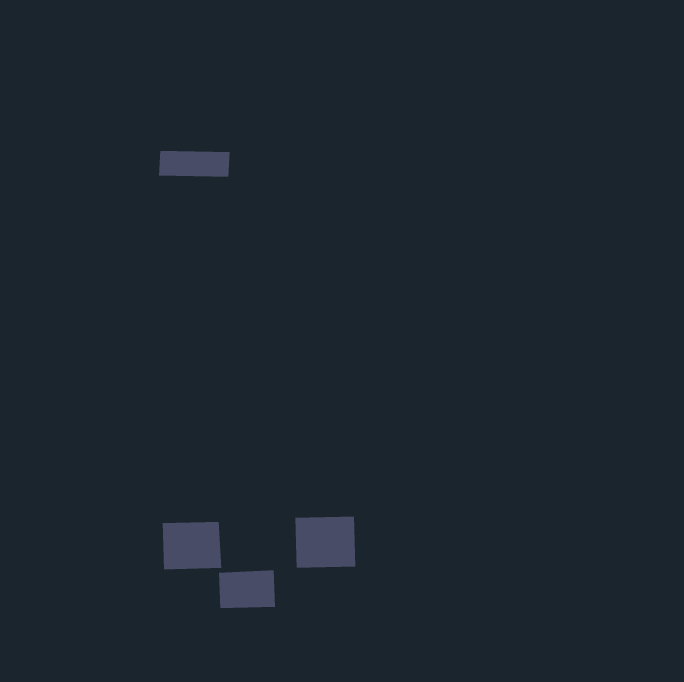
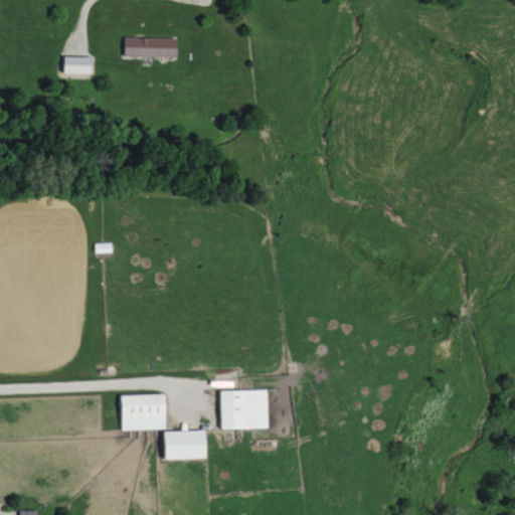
building: none -> [64,57,92,74]
building: [158,150,230,177] -> [124,38,178,58]

